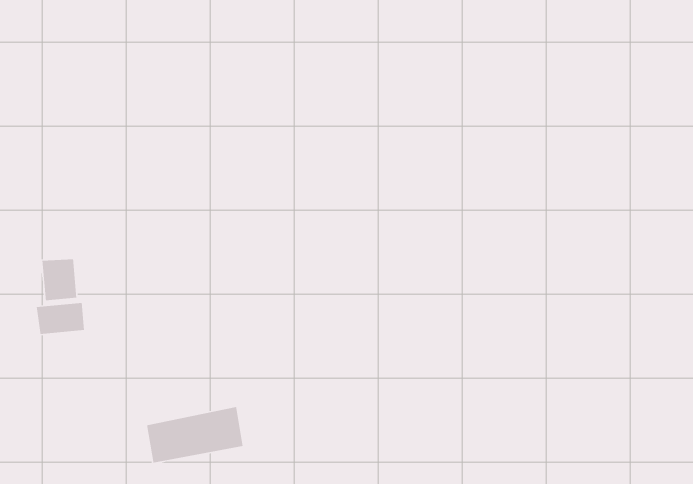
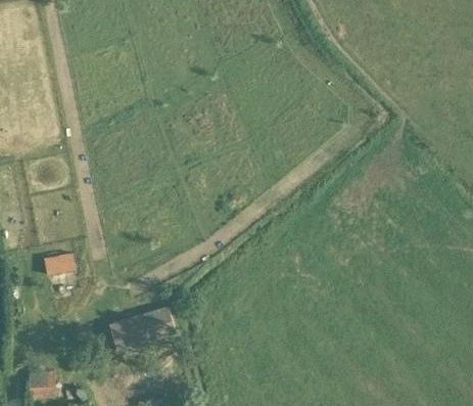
building: [41,258,77,301] -> none

